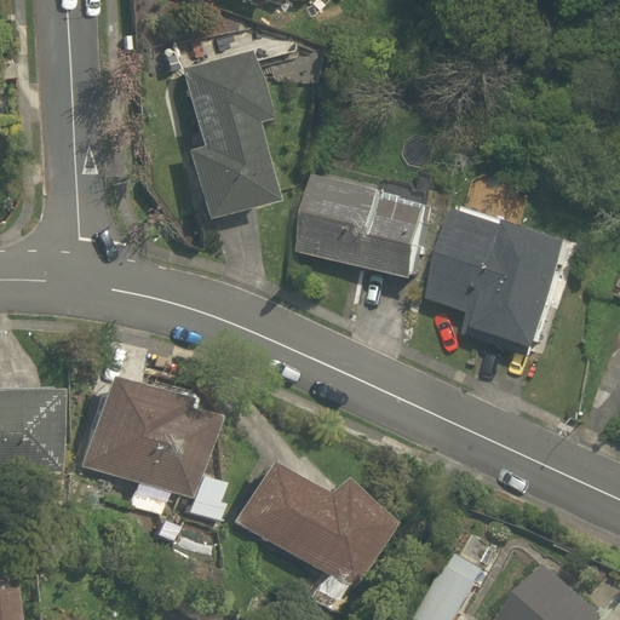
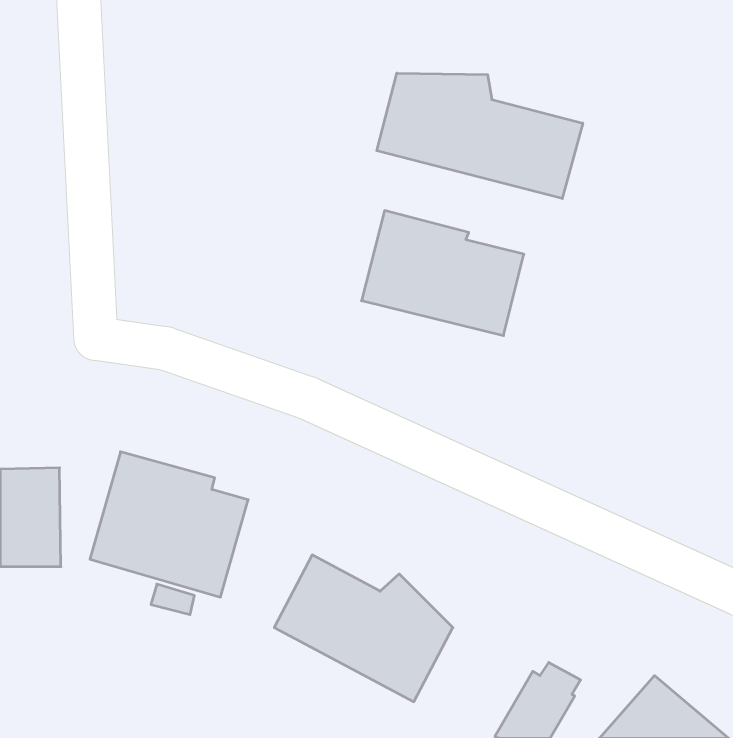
building: [183,50,276,219] -> none
building: none -> [377,73,583,199]
building: [442,209,582,358] -> none

